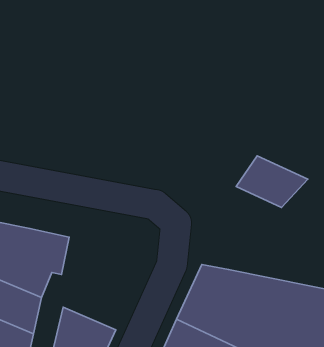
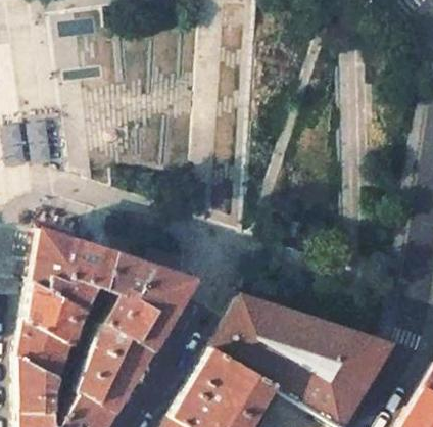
building: [236,156,308,207] -> none
building: none -> [104,252,196,349]

